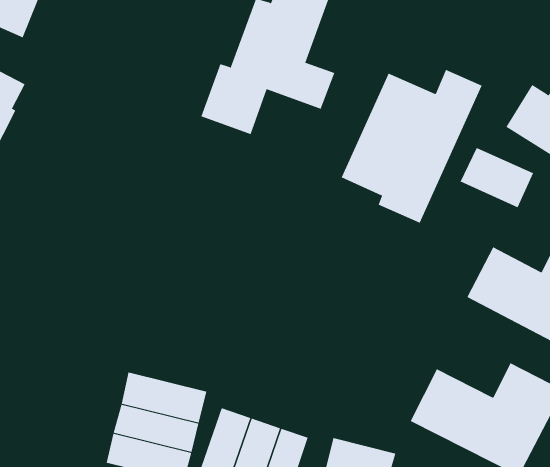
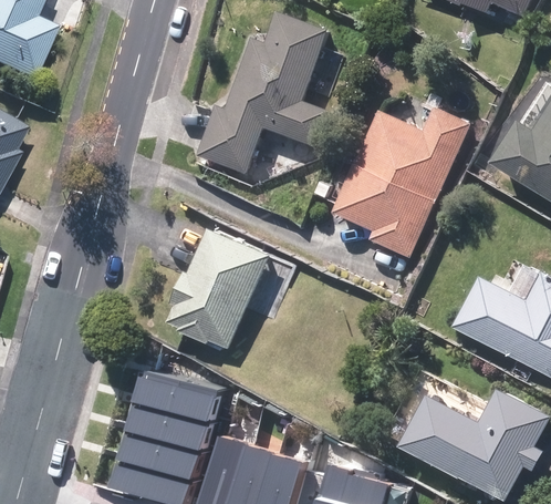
building: [460,147,534,208] -> none
building: none -> [169,229,271,348]
building: none -> [129,370,214,419]

